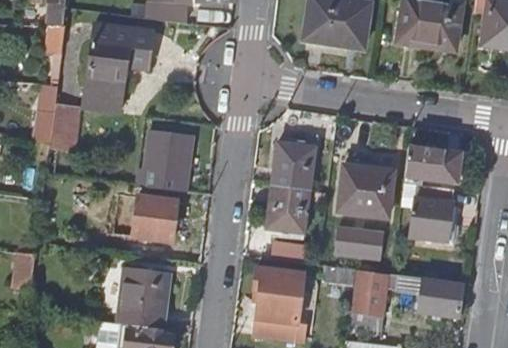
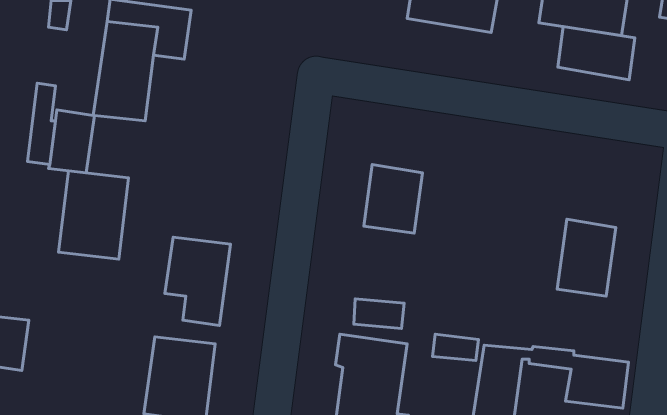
building: [142,128,192,191] -> [59,171,129,259]
building: [408,148,463,186] -> [558,27,635,80]
building: [341,166,396,217] -> none
building: [268,188,310,233] -> none
building: [331,225,380,259] -> none

